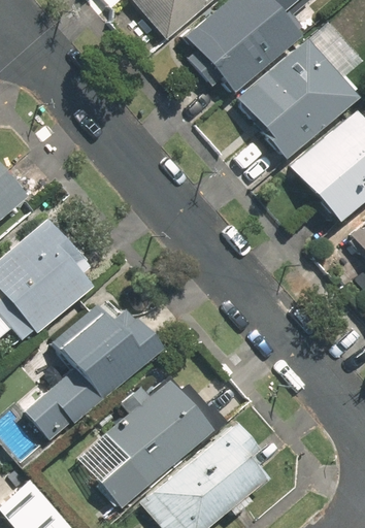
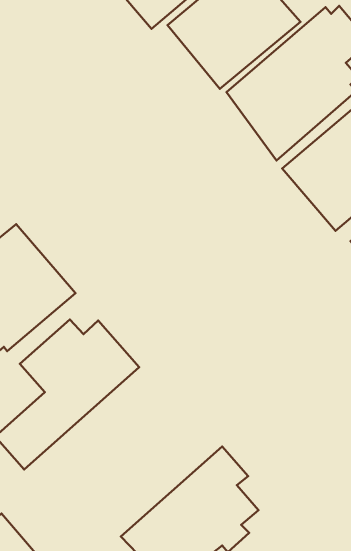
building: [74,371,221,509] -> none

